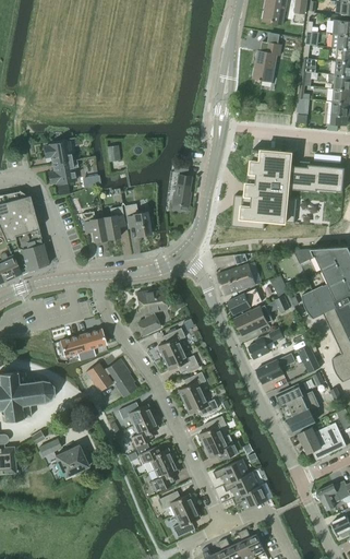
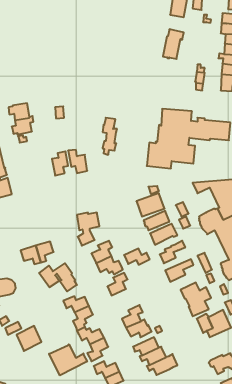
building: [82,213,107,242] -> none
building: [183,394,218,416] -> [124,249,150,265]
building: none -> [49,344,87,375]

